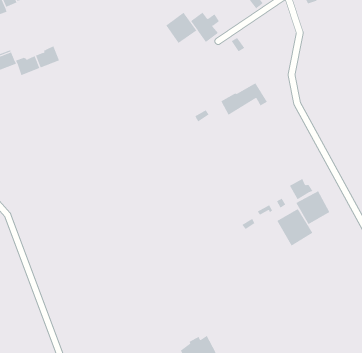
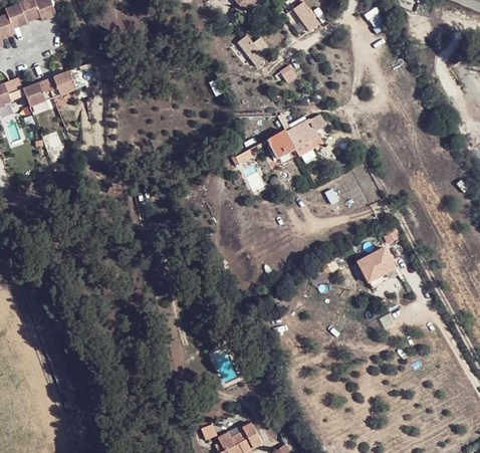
building: [166,12,197,44] -> none
building: [289,178,313,200] -> none
building: [276,208,313,246] -> none

